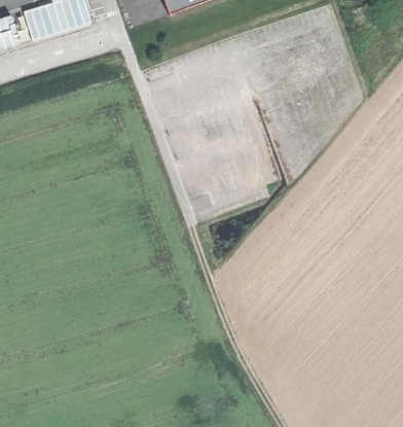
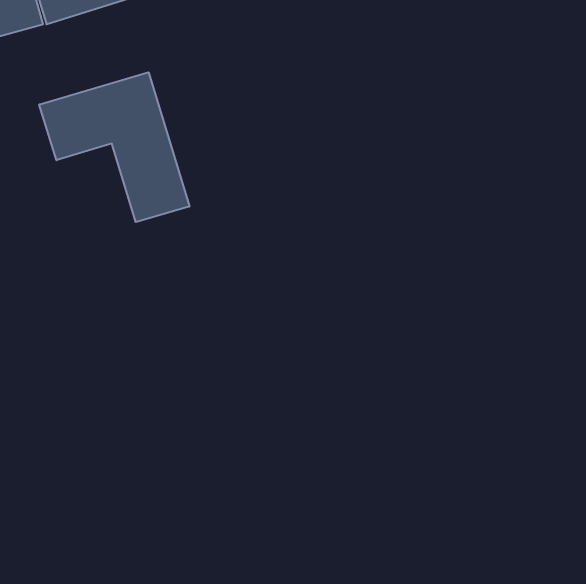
building: none -> [39,72,189,222]

